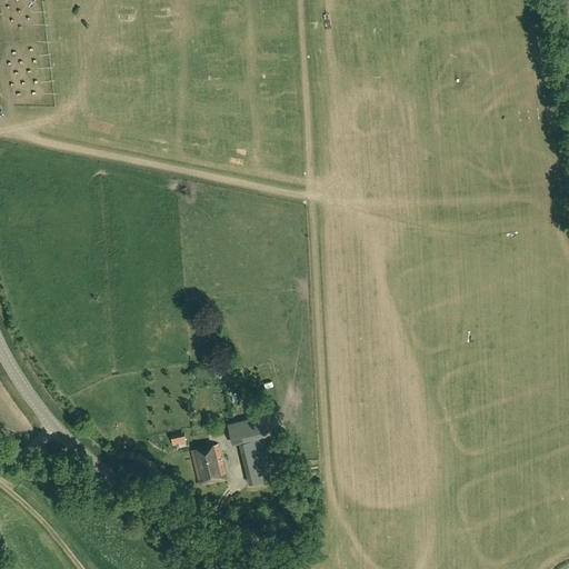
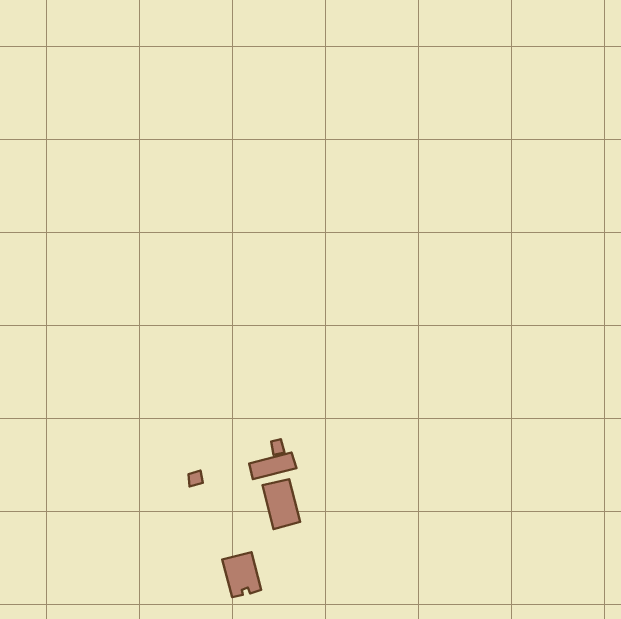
building: [191,446,227,487] -> [222,552,261,597]

